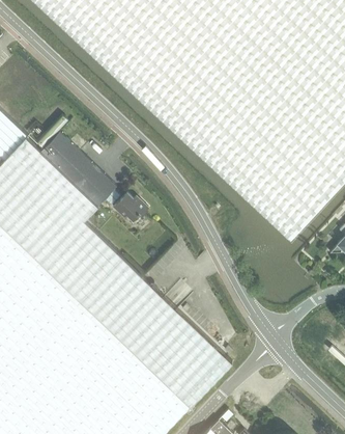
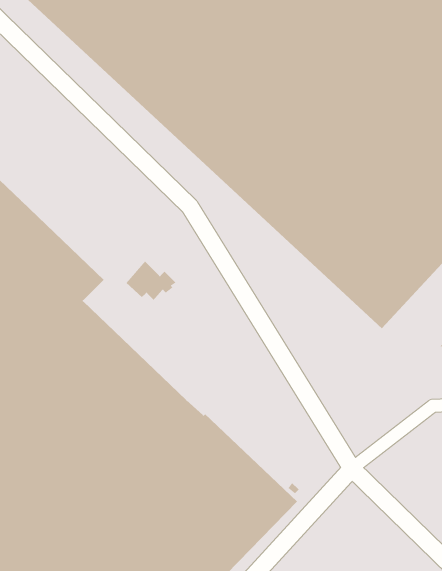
building: [41,131,121,205] -> none

